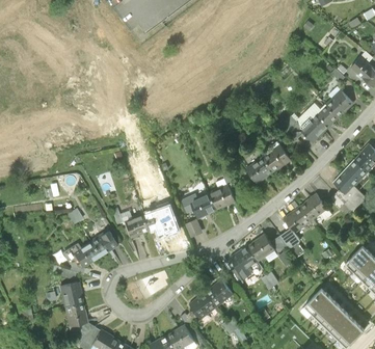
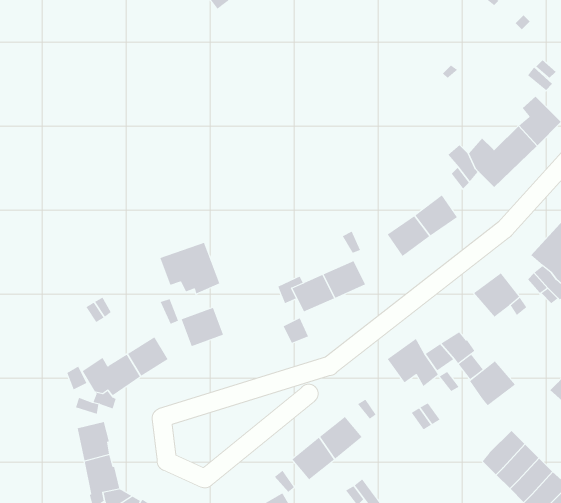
building: [143,205,180,236] -> [160,242,220,294]
building: [284,206,312,234] -> [469,360,516,407]
building: [230,245,258,278] -> none

